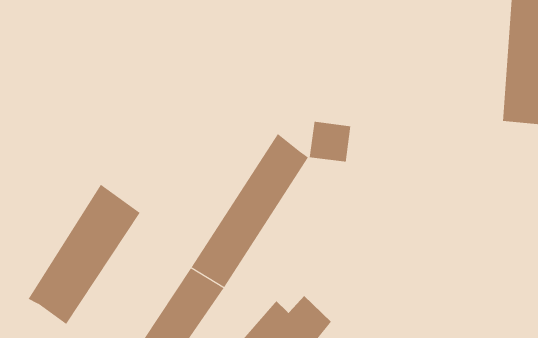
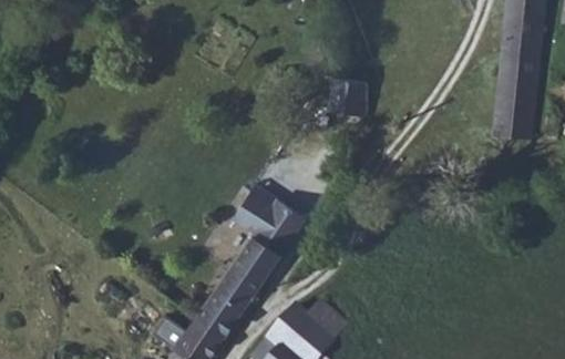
building: [309,121,351,162] -> [328,79,367,116]
building: [28,184,140,325] -> none

